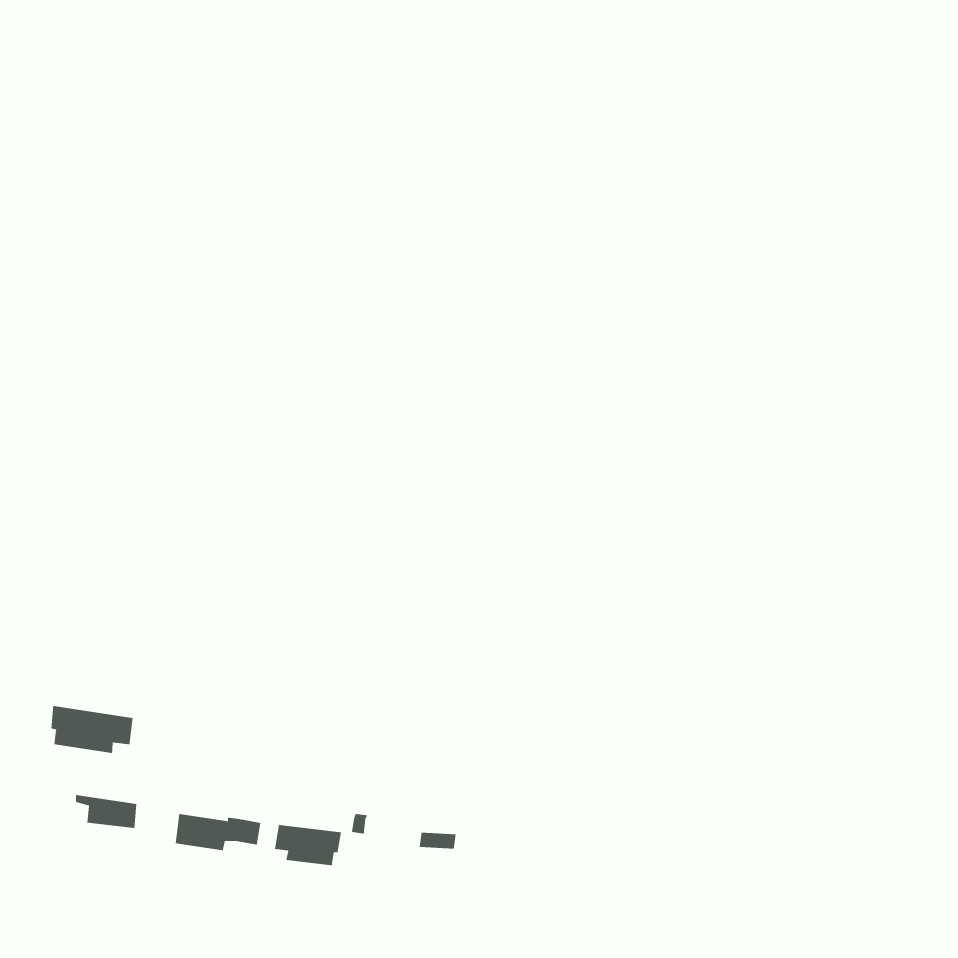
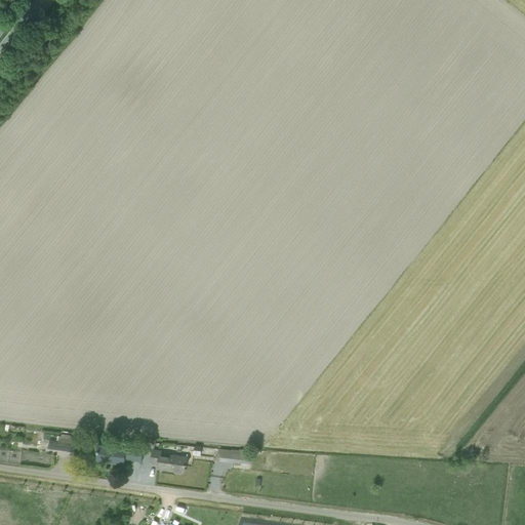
building: [51,705,133,754] -> none

